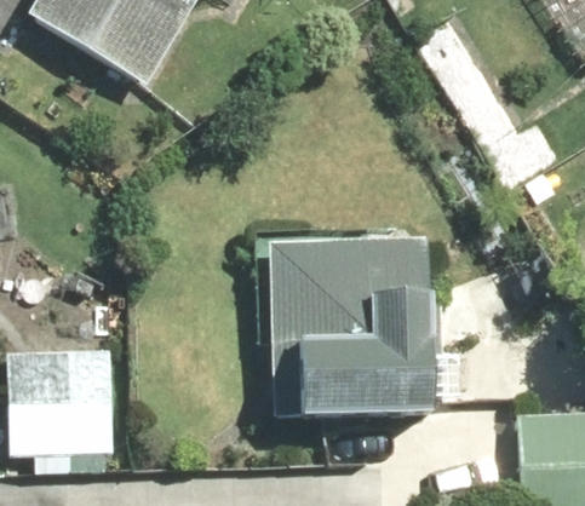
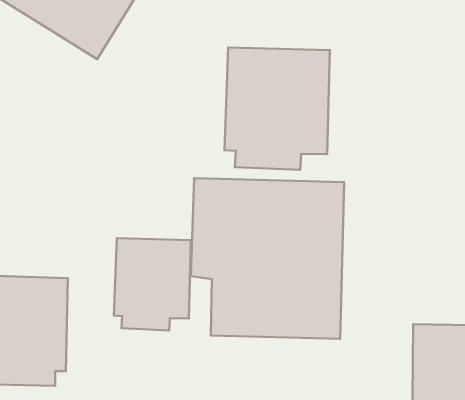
building: none -> [224,48,330,170]
building: none -> [114,238,191,330]

